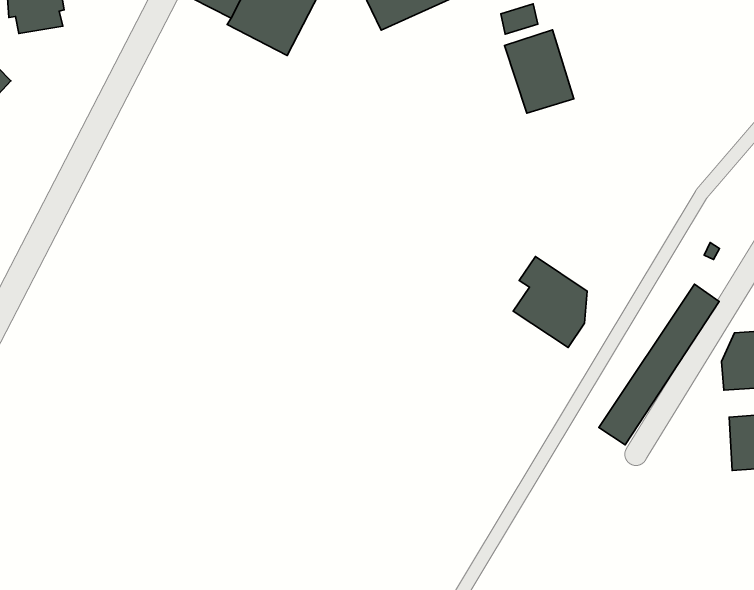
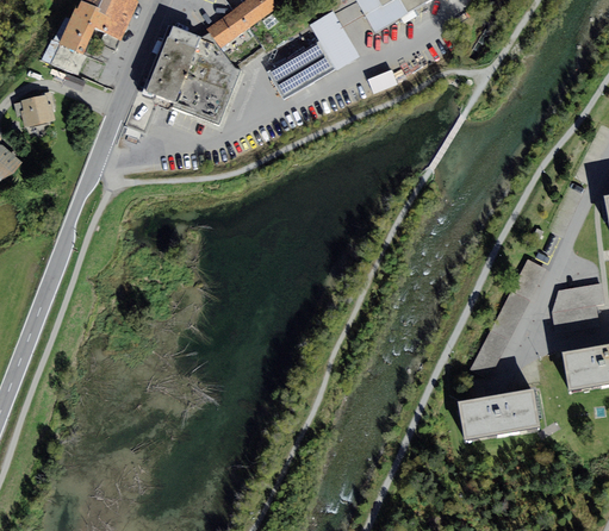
building: [504,30,574,113] -> none
building: [513,257,587,347] -> none
building: none -> [456,387,539,439]

